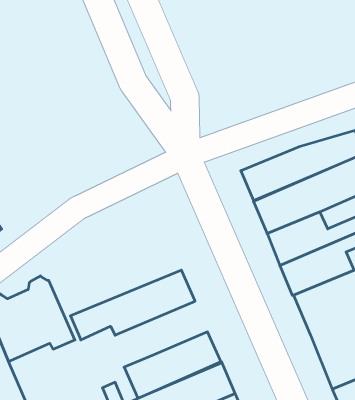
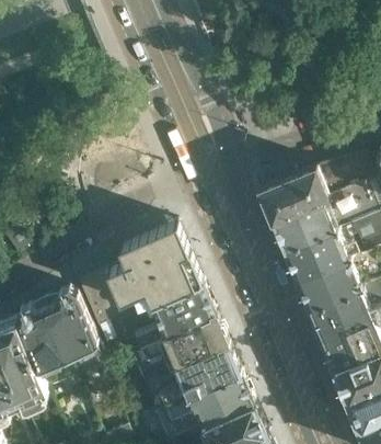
building: none -> [74,226,199,330]
building: none -> [138,316,226,367]

